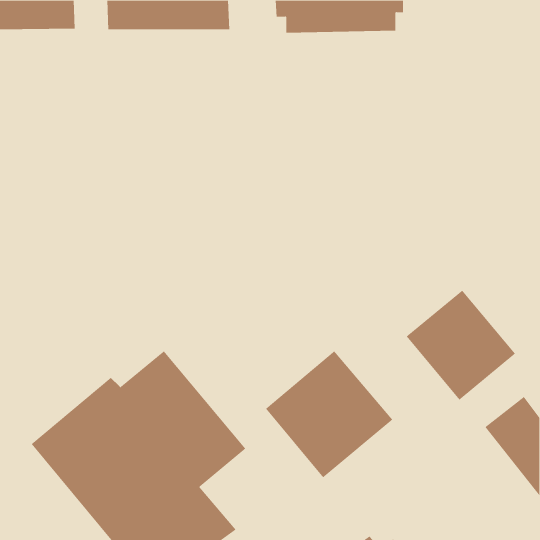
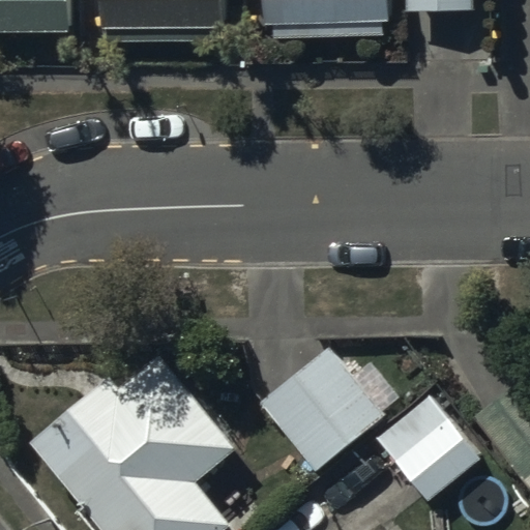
building: [406,290,516,400] -> [375,392,481,500]

